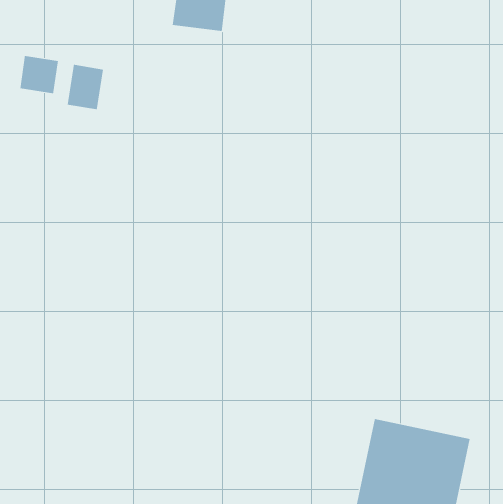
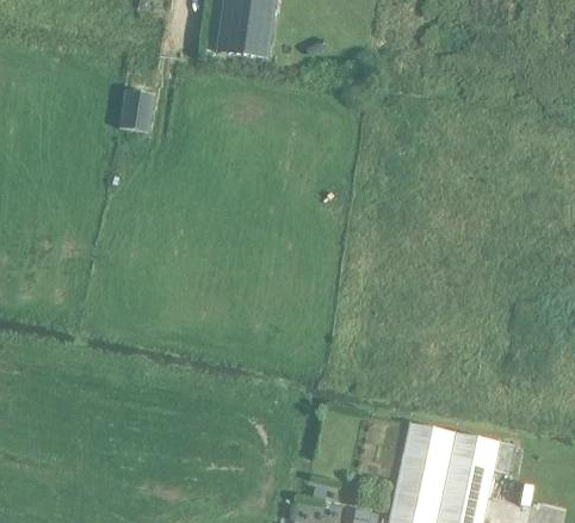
building: [20,55,59,94] -> none

